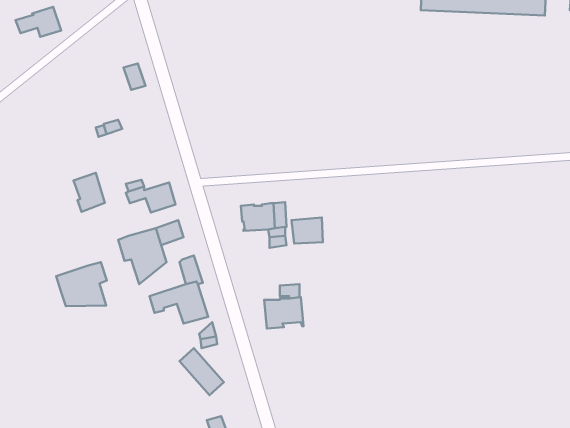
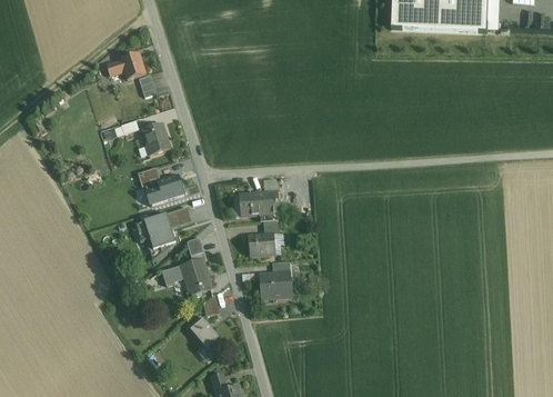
building: [15,7,61,37] -> [105,52,144,78]
building: [74,173,105,212] -> [142,121,169,155]
building: [292,217,323,243] -> [248,232,274,255]
building: [56,262,107,306] -> none

